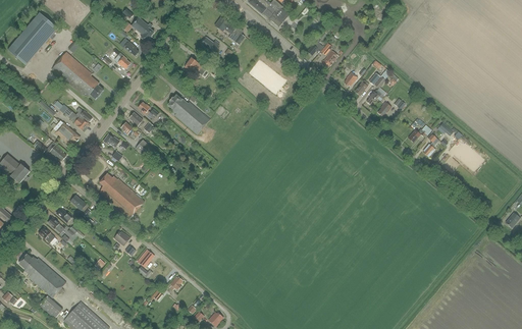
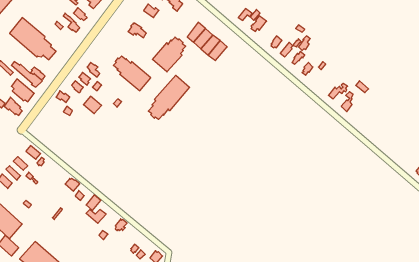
building: none -> [152,37,186,72]
building: none -> [148,75,190,119]
building: [99,172,144,217] -> none

